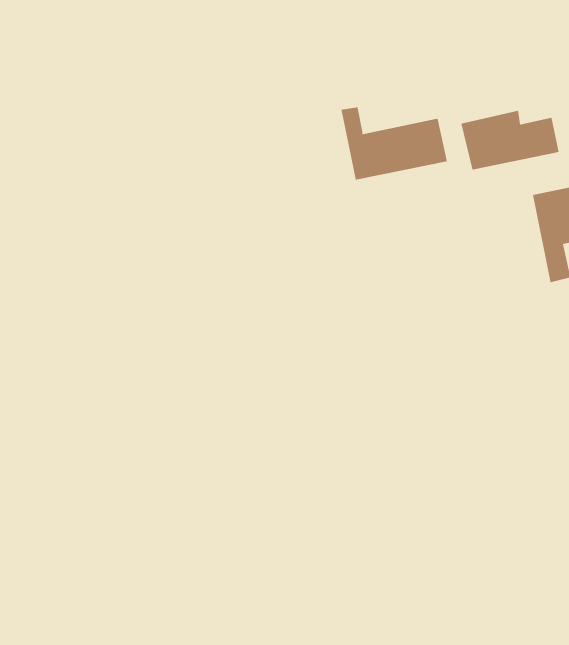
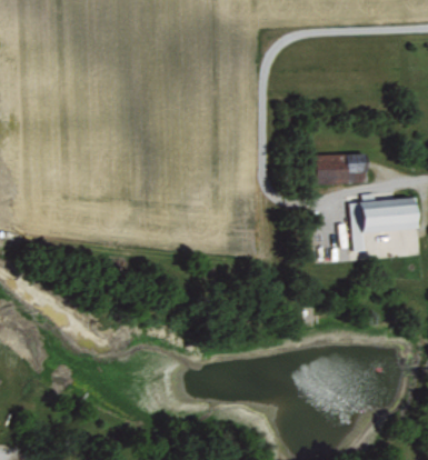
building: [341,107,447,181] -> none

